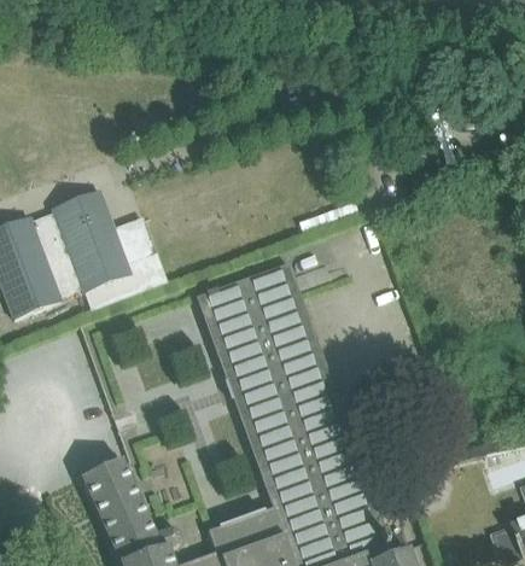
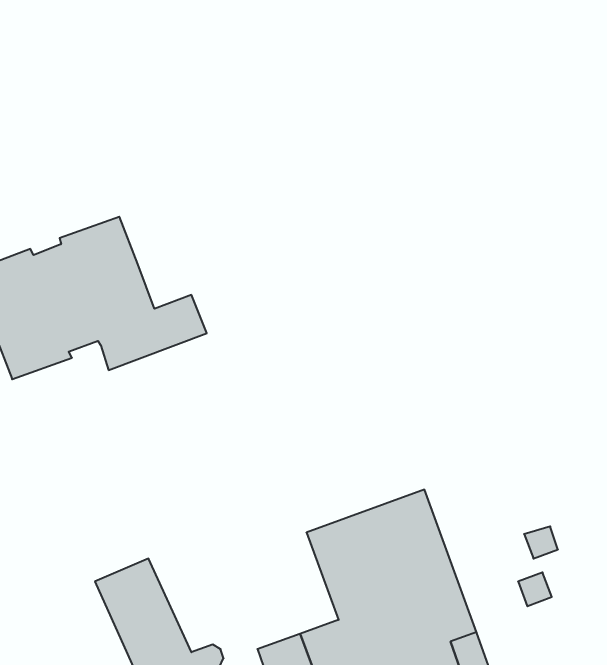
building: [194,264,338,439] -> none

